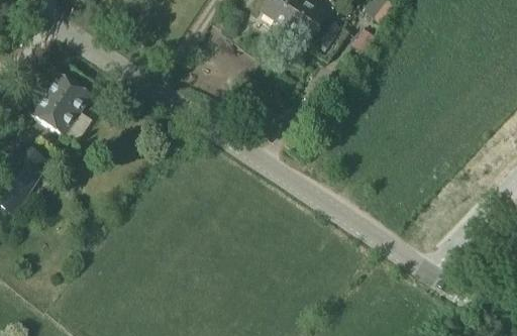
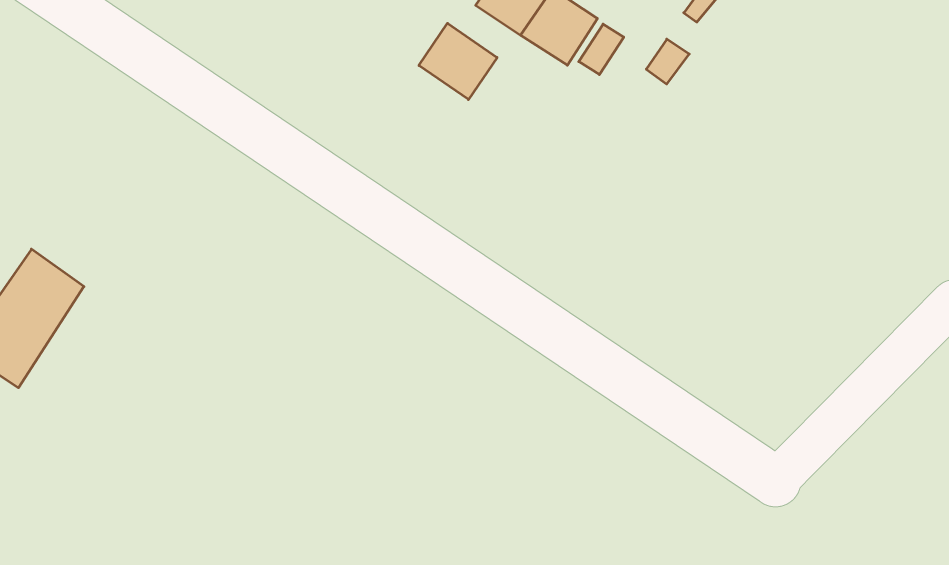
building: none -> [419,23,497,100]
building: [32,74,90,134] -> none

